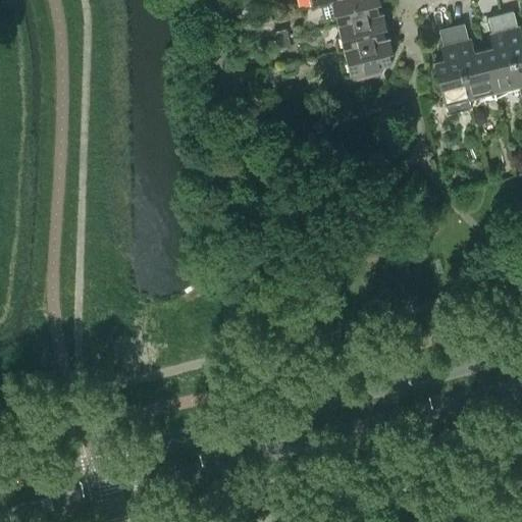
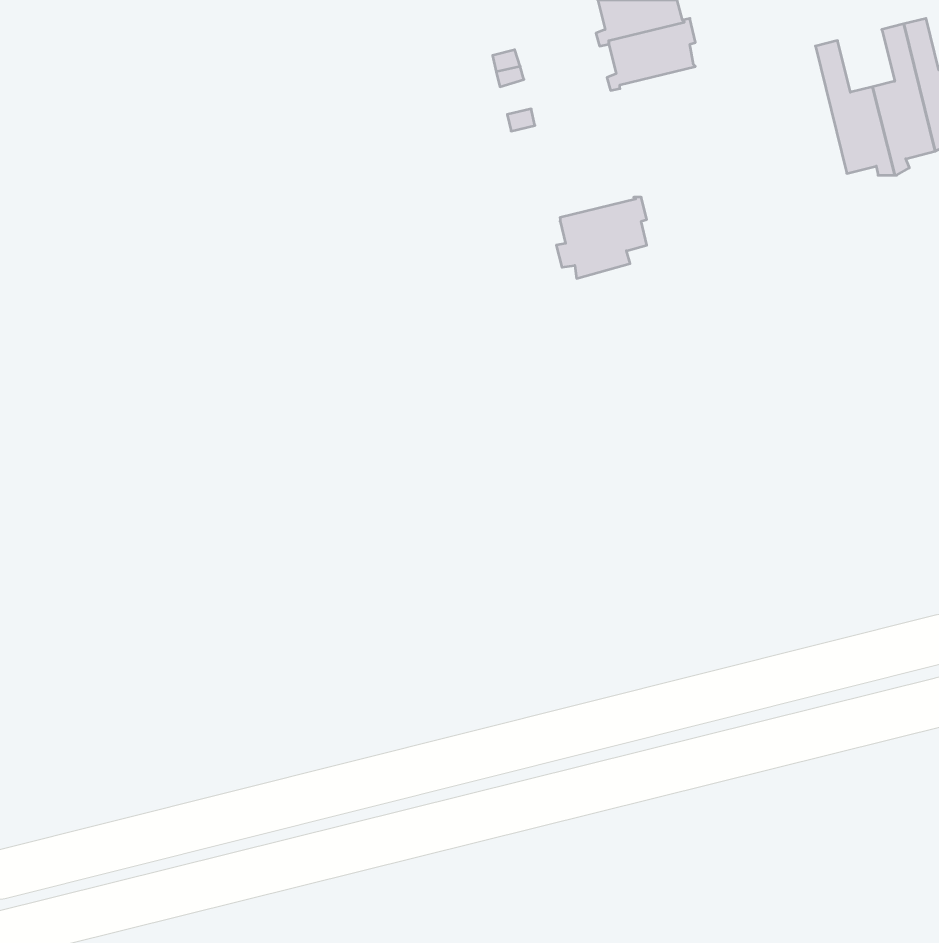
building: [434,25,470,109] -> none
building: [343,36,393,81] -> [556,197,647,278]

